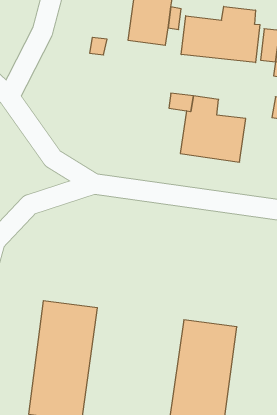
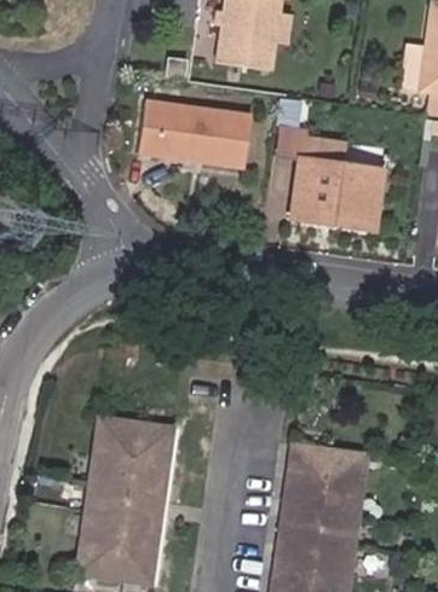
building: [181,6,260,63] -> none
building: none -> [137,99,250,166]

